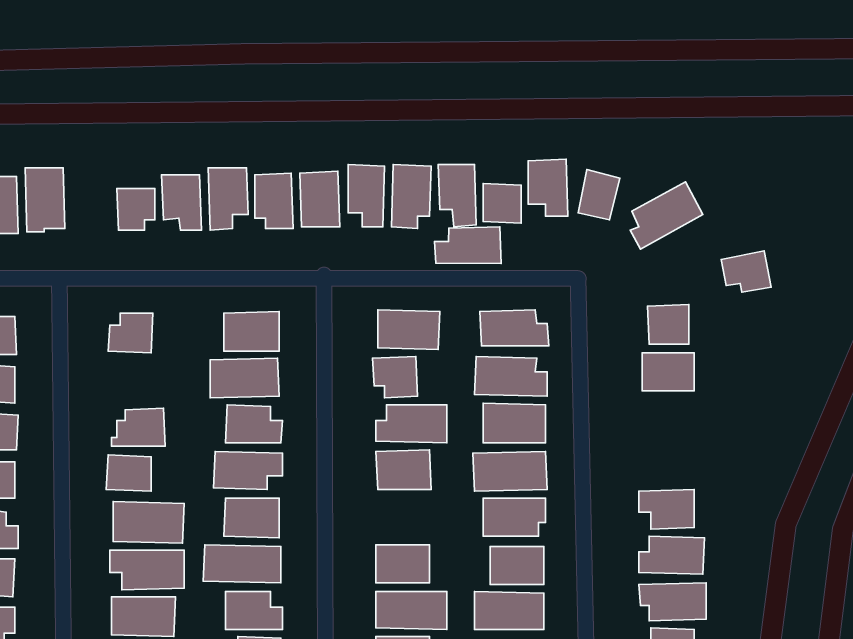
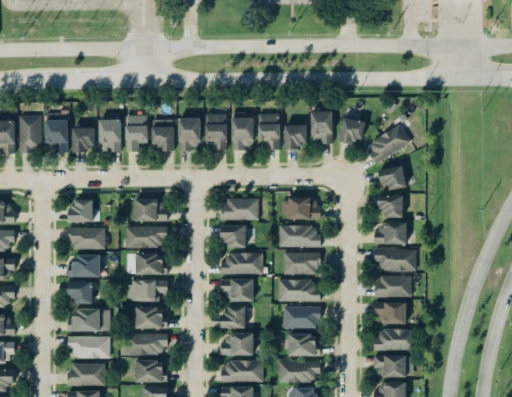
building: none -> [45,119,68,151]
building: [434,227,501,263] -> none
building: [721,251,771,292] -> [377,165,406,189]
building: none -> [70,227,105,249]
building: none -> [374,247,417,269]
building: none -> [376,275,412,297]
building: none -> [220,306,245,328]

